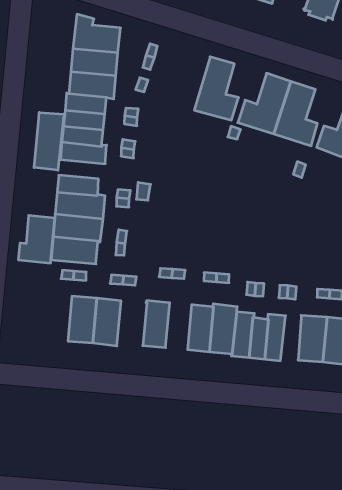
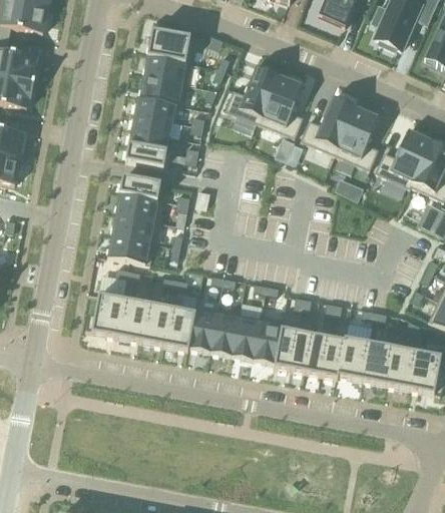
building: none -> [225,64,280,124]
building: [34,112,64,170] -> none
building: [18,215,55,263] -> [85,289,124,337]
building: none -> [210,307,242,356]
building: none -> [163,303,196,350]
building: none -> [321,332,345,378]

